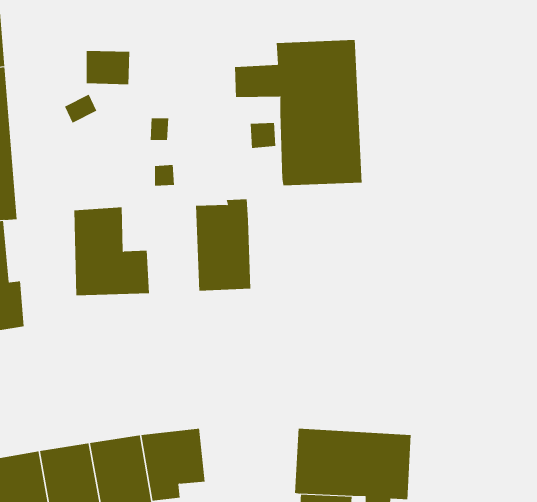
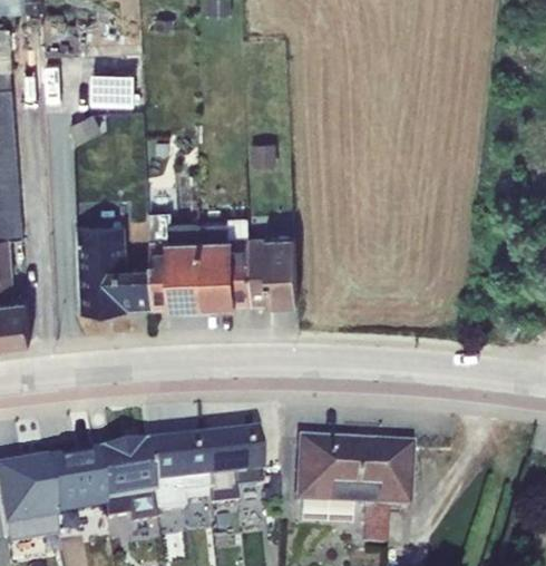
building: [234,39,362,186] -> none
building: none -> [148,206,199,303]
building: none -> [248,230,296,299]
building: none -> [201,428,260,501]

